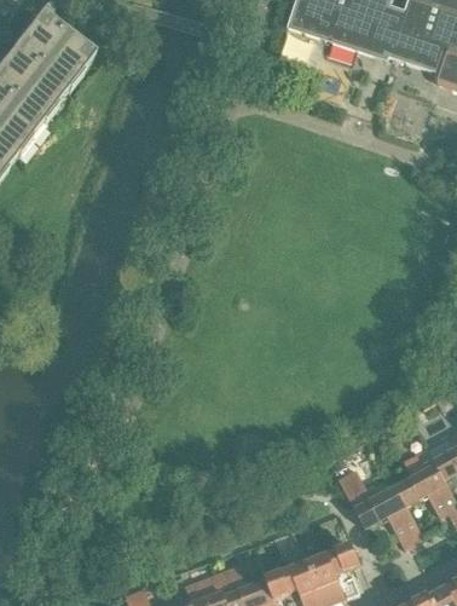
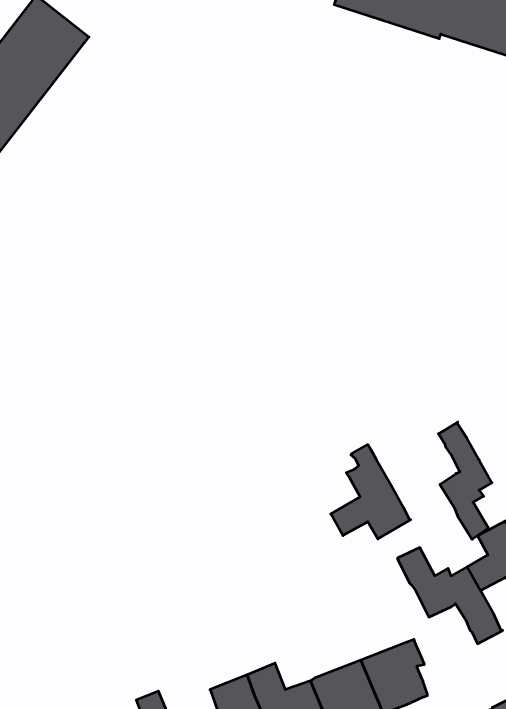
building: none -> [438,422,492,539]
building: none -> [331,445,411,539]

